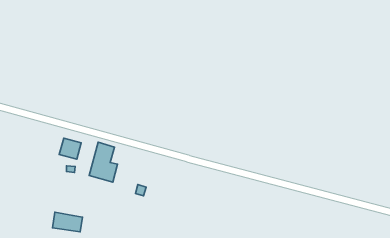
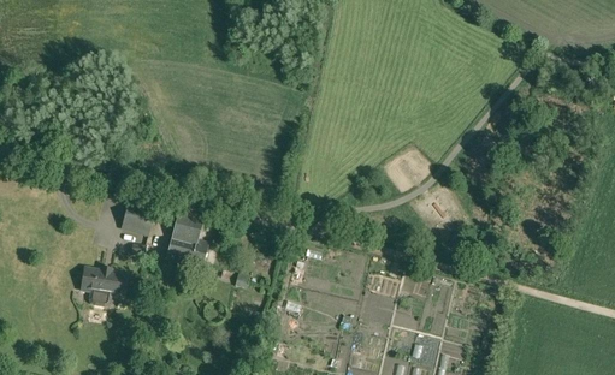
building: [52,212,83,232] -> [81,268,125,297]

